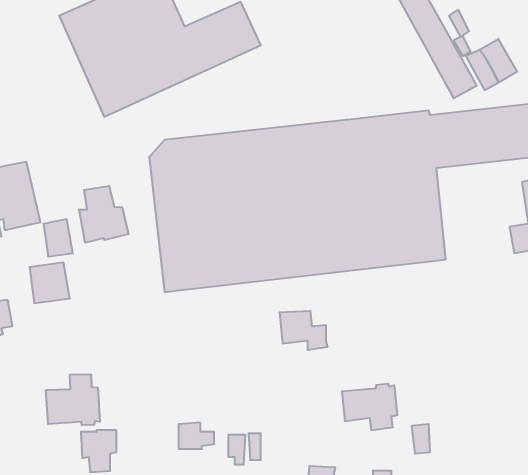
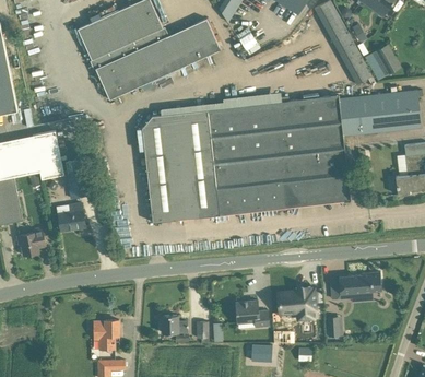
building: [79,186,129,243] -> none
building: [279,311,328,350] -> [235,301,269,328]
building: none -> [338,272,381,298]
building: [46,374,100,425] -> none

